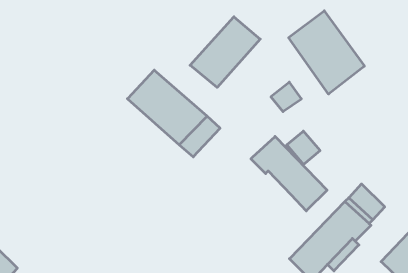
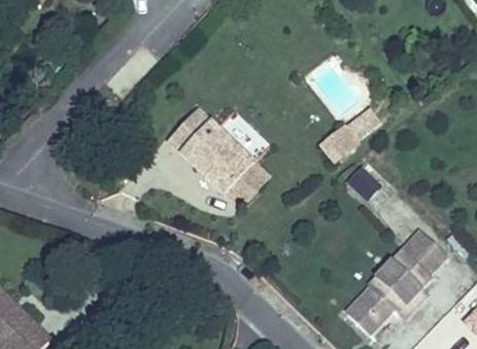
building: [289,11,364,94] -> none
building: [190,17,260,87] -> none
building: [251,136,327,211] -> none

